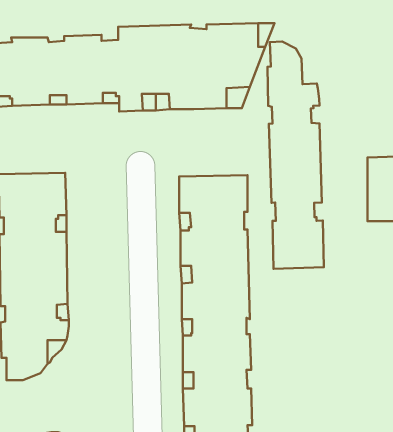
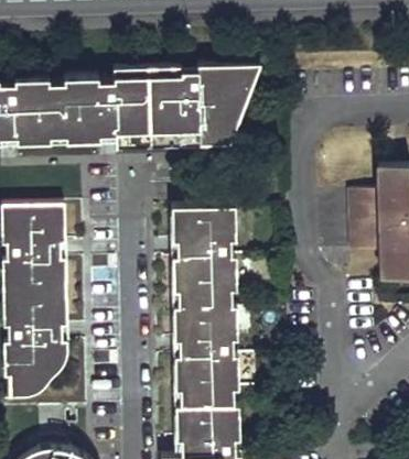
building: [267,41,324,269] -> none

